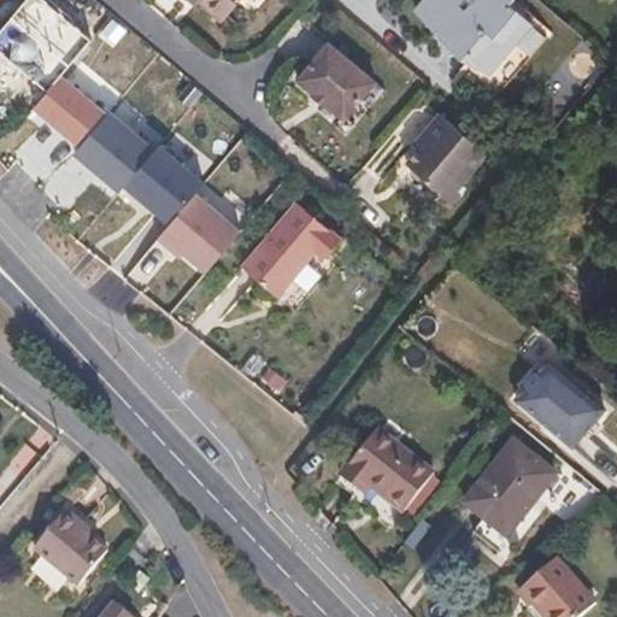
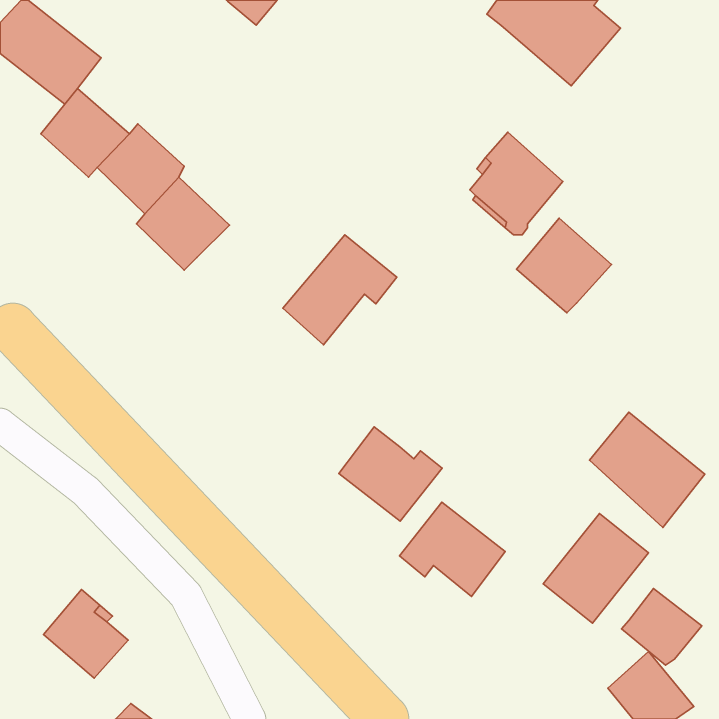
building: [298,40,376,116] -> none
building: [169,183,251,266] -> none
building: none -> [516,218,611,313]
building: none -> [339,427,442,521]
building: none -> [621,589,702,665]

